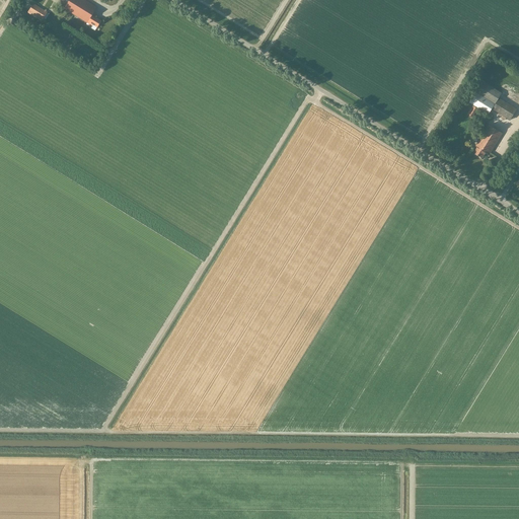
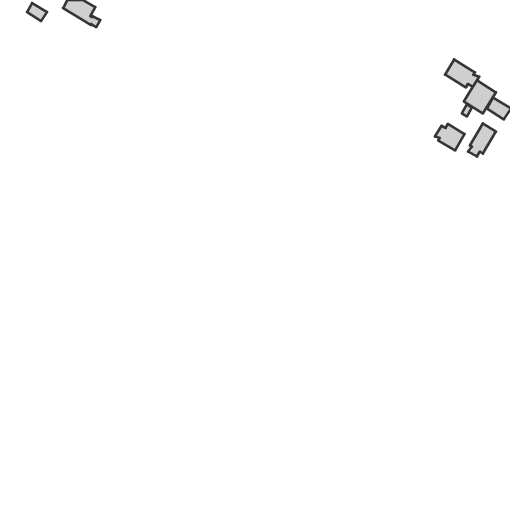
building: none -> [445,59,479,87]
building: none -> [435,124,465,150]

